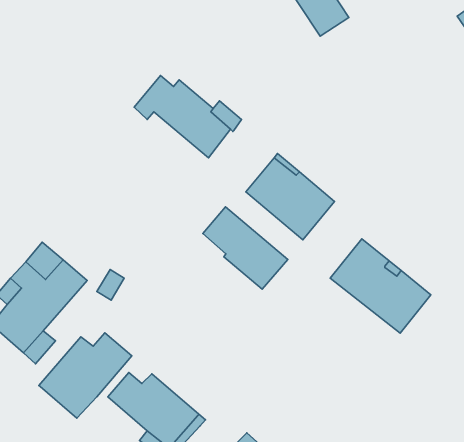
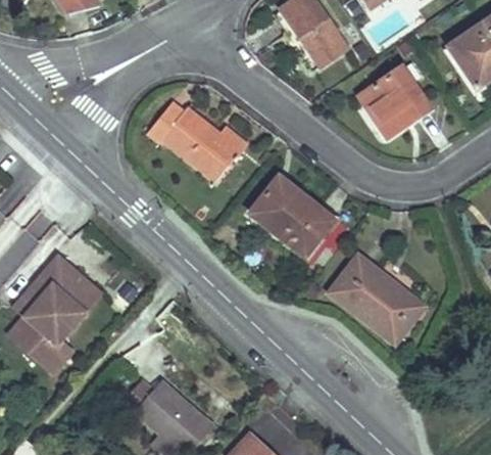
building: none -> [358,66,430,137]
building: [203,207,288,289] -> none
building: [39,333,132,418] -> none

